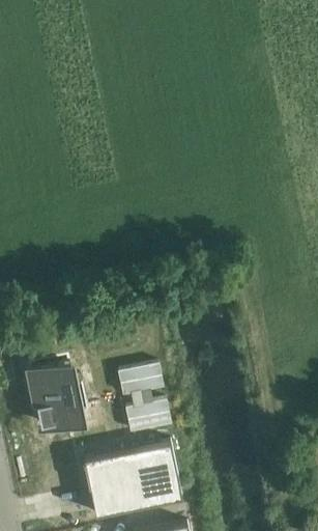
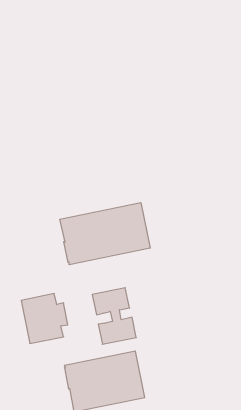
building: none -> [60,203,150,265]

